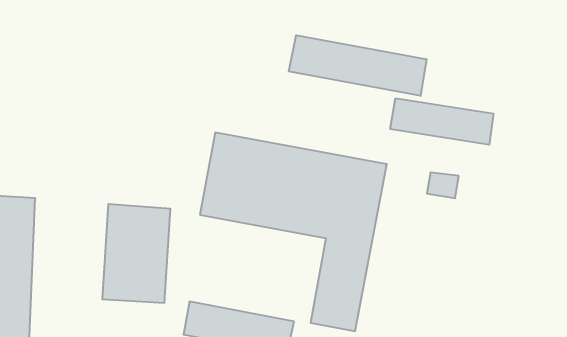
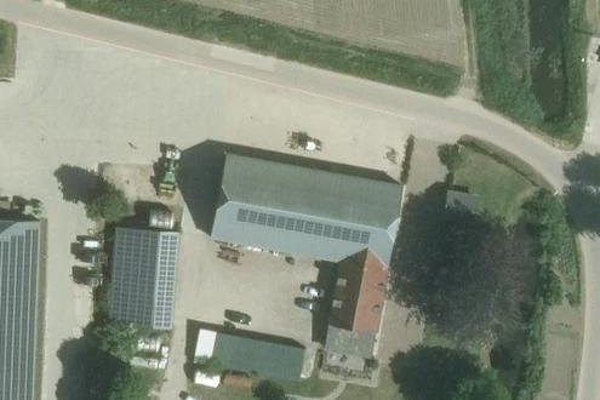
building: [289,35,426,96] -> none
building: [390,98,493,145] -> none

